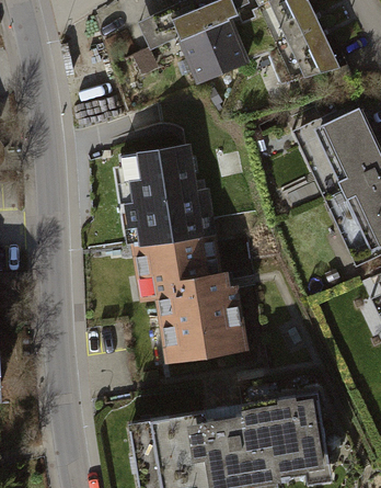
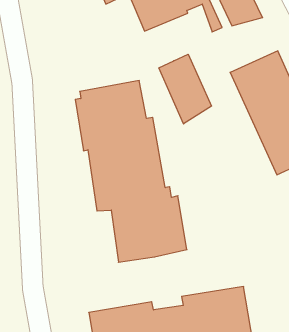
building: none -> [159,54,212,124]

